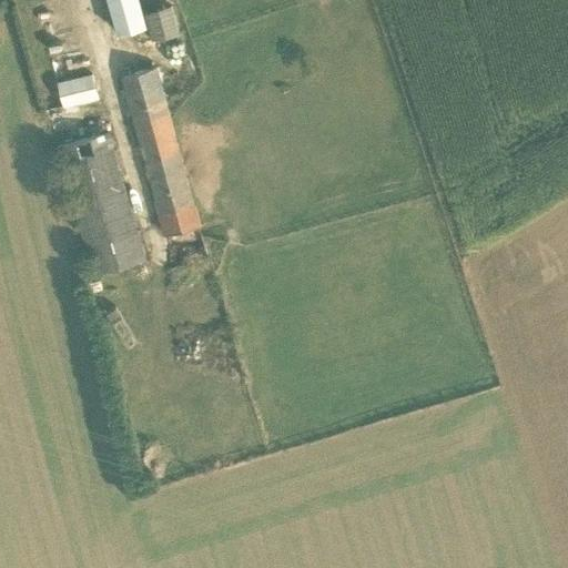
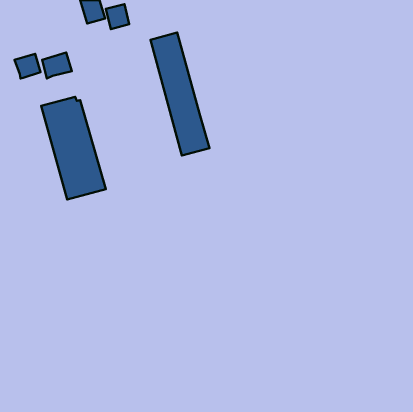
building: [120,68,201,236] -> [150,33,209,155]
building: none -> [15,54,40,79]

